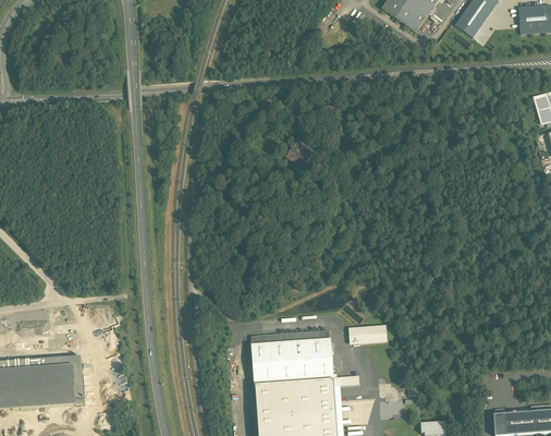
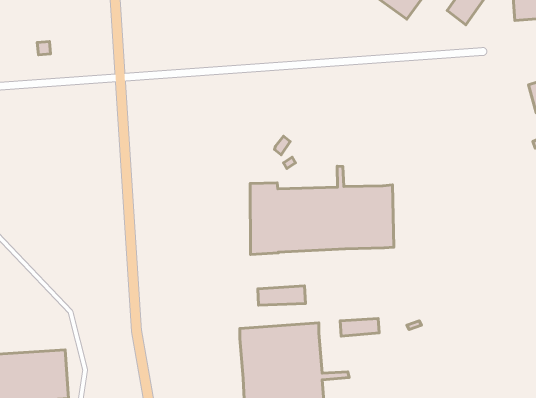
building: none -> [250,166,394,254]
building: none -> [258,286,305,305]

